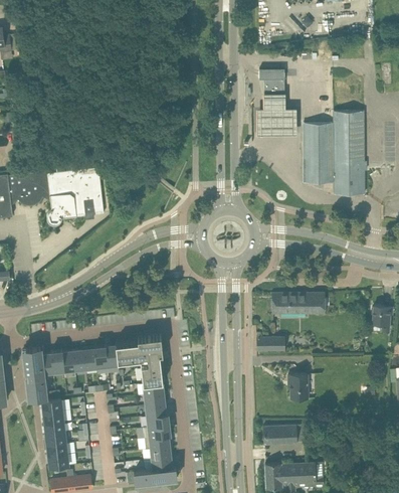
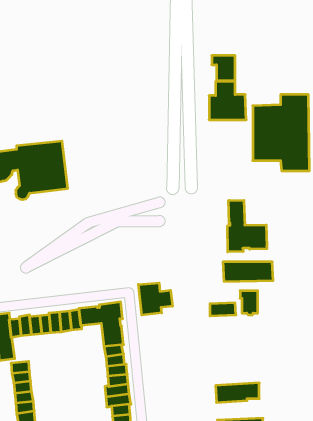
building: none -> [228,200,267,252]
building: none -> [138,283,172,315]
building: [288,374,308,400] -> [240,291,258,315]

